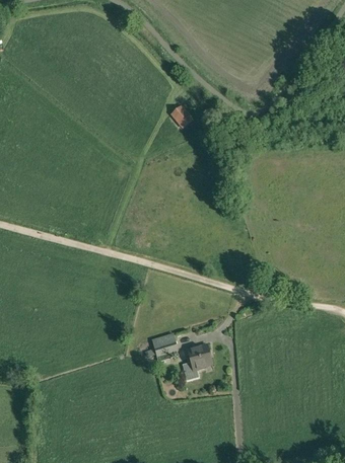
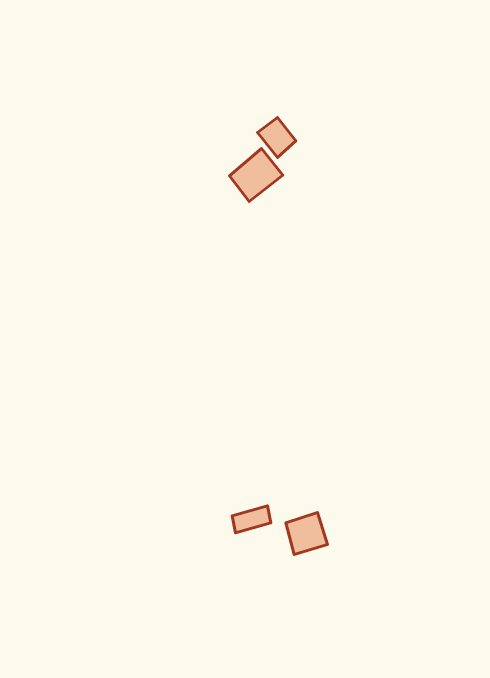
building: none -> [229,149,283,202]

